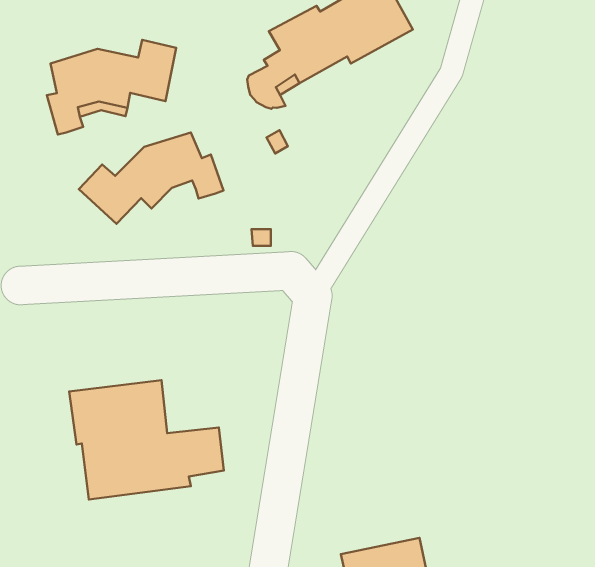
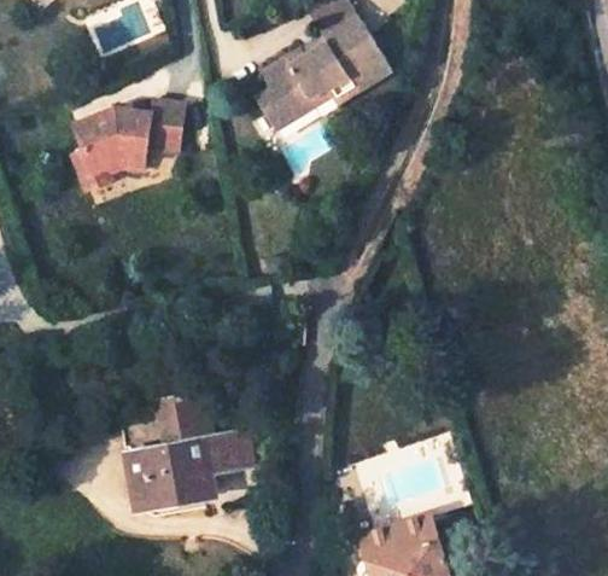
building: [79,132,224,224] -> none

